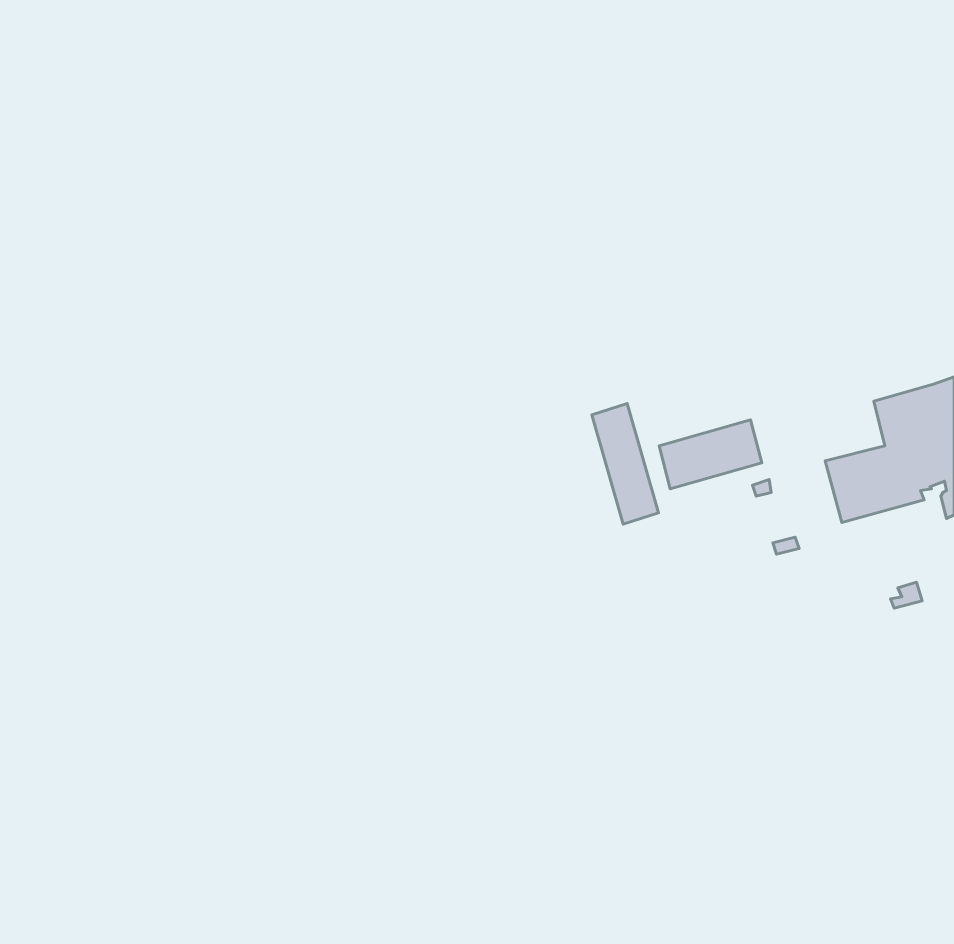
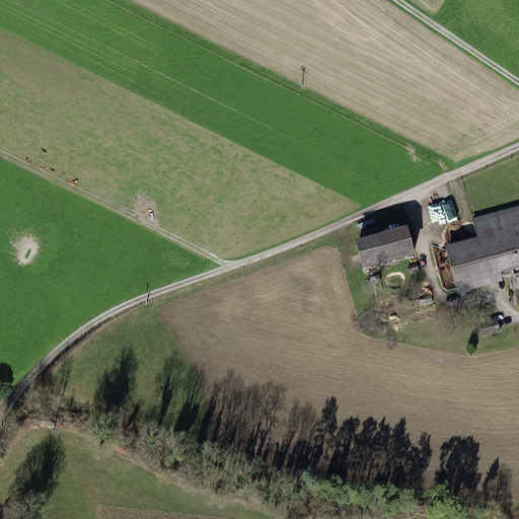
building: [592,403,658,524] -> none

